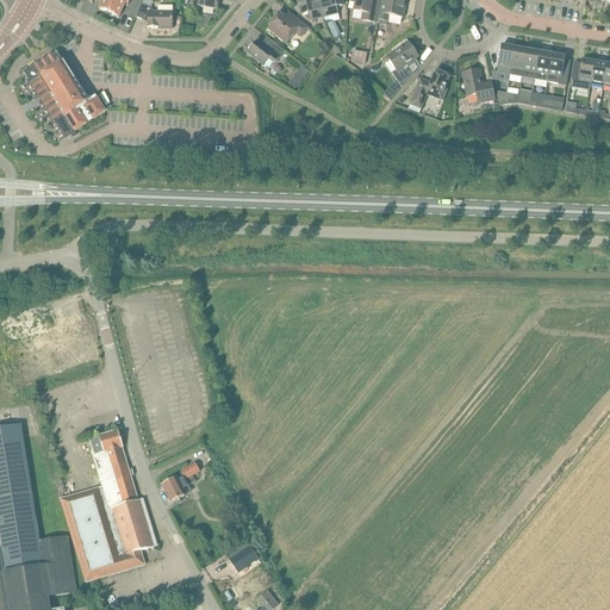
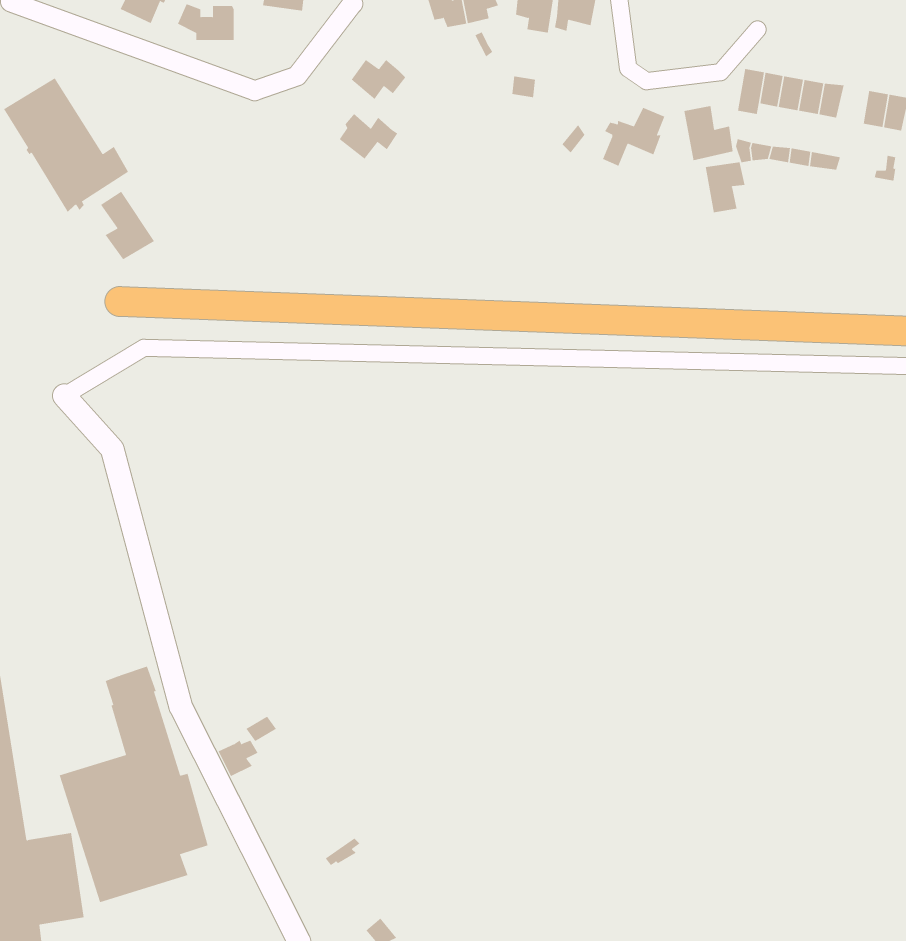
building: [269,12,307,42] -> [339,113,398,159]
building: [386,41,418,86] -> none
building: none -> [705,162,745,213]
building: none -> [100,191,155,260]

